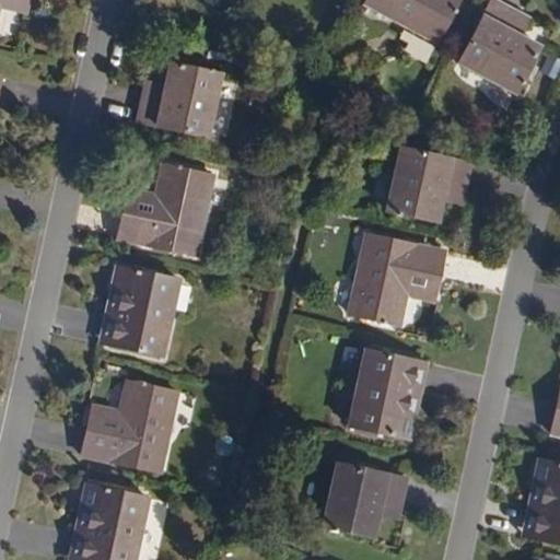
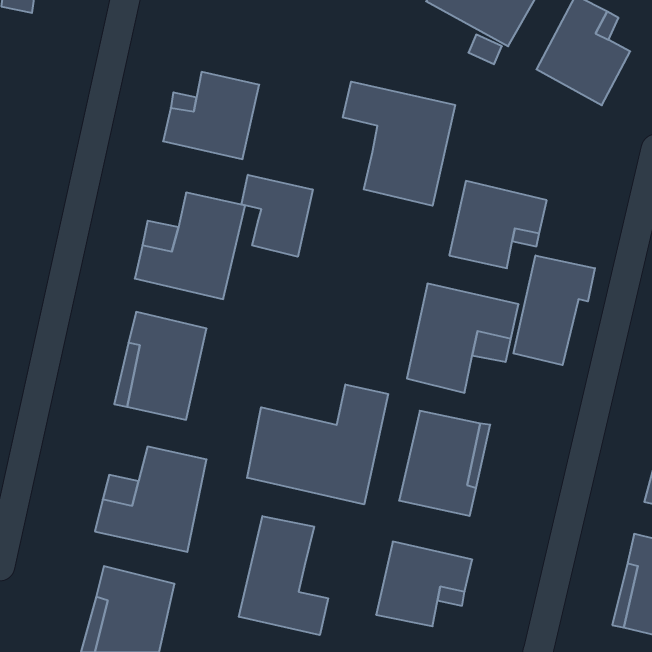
building: none -> [343,82,455,206]
building: none -> [242,175,313,257]
building: none -> [513,255,595,365]
building: none -> [247,384,388,504]
building: none -> [239,516,328,635]

